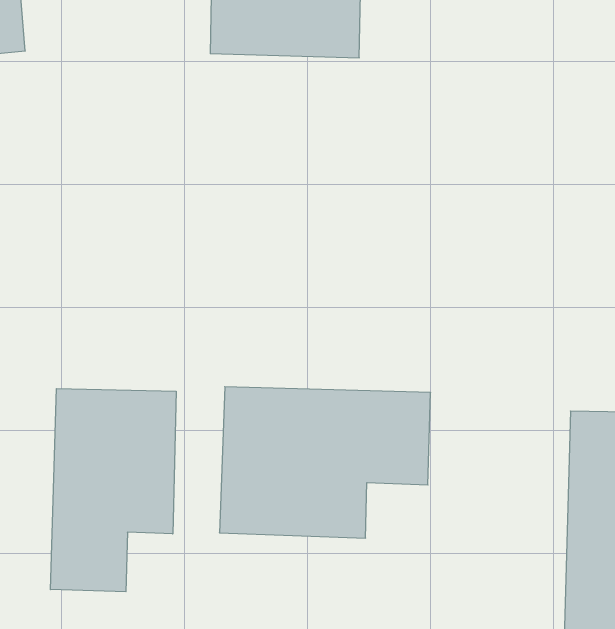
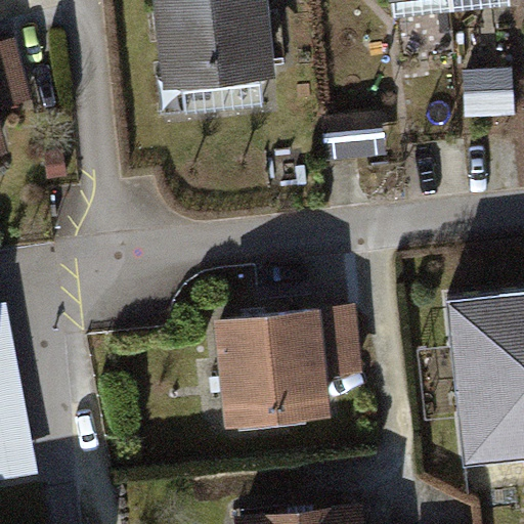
building: [50,389,176,592] -> none

